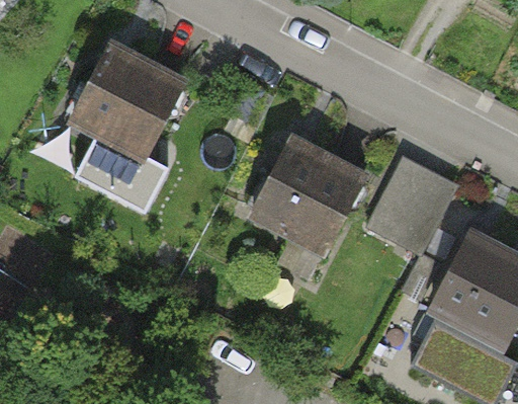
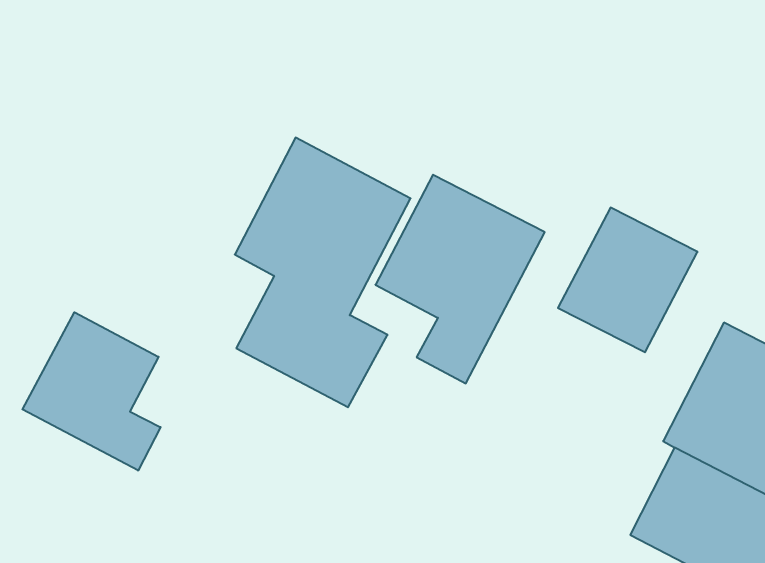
building: [75,42,183,208] -> [235,138,411,407]
building: none -> [22,312,161,471]

